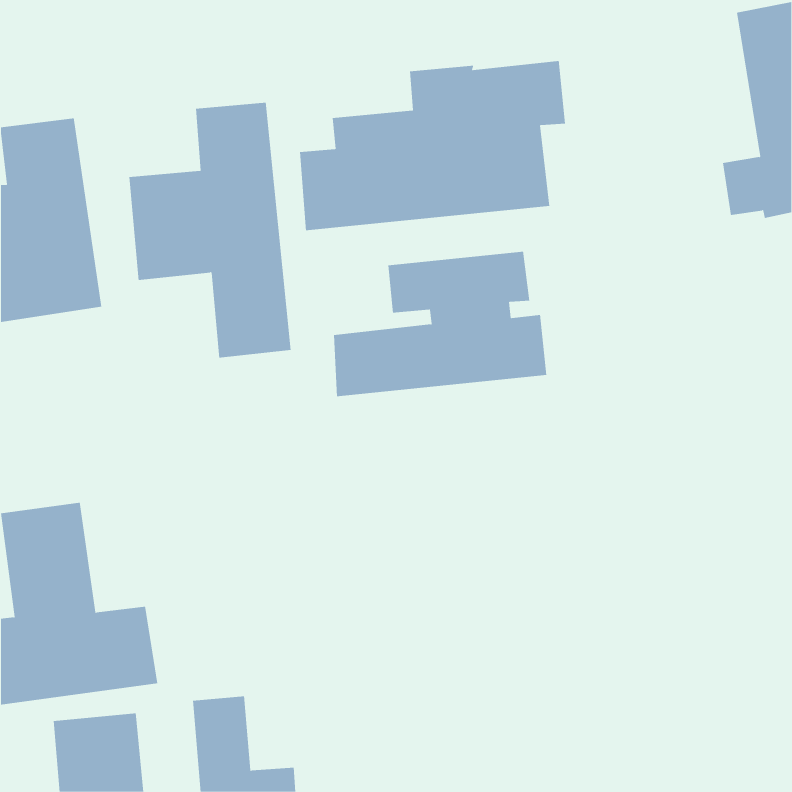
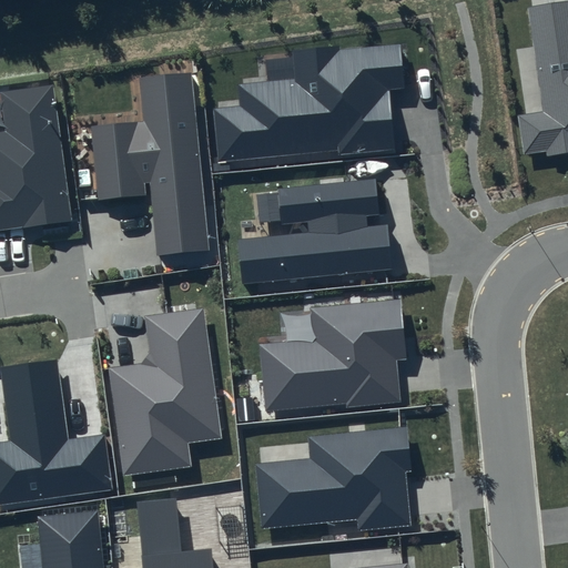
building: none -> [258,300,406,413]
building: none -> [108,307,222,477]
building: none -> [255,427,410,531]

